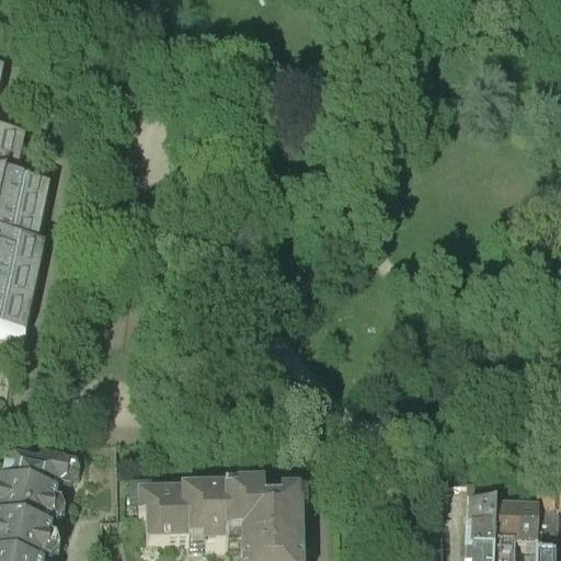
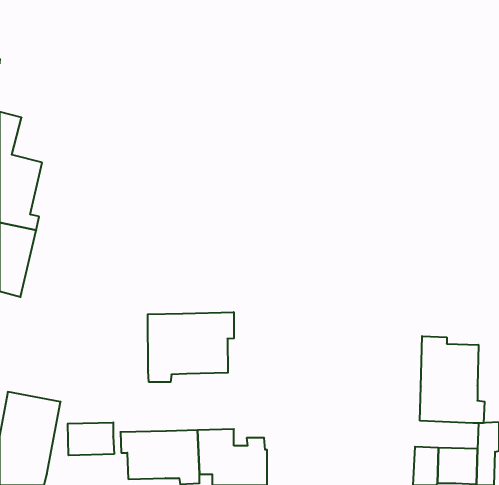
building: none -> [148,312,234,382]
building: none -> [420,336,485,423]
building: none -> [68,422,114,455]

